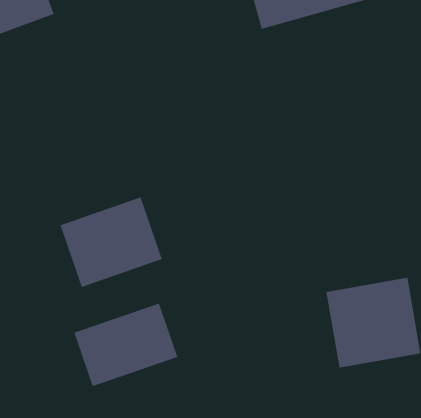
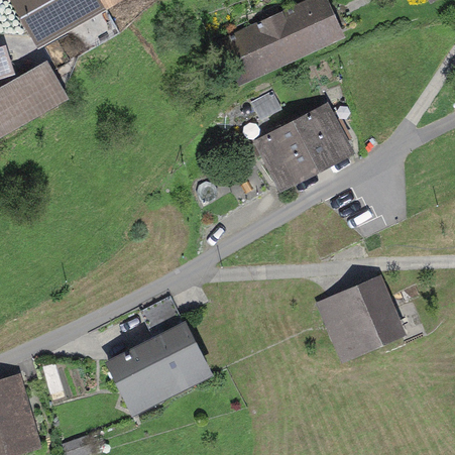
building: none -> [253,95,360,189]
building: [60,196,163,288] -> none

